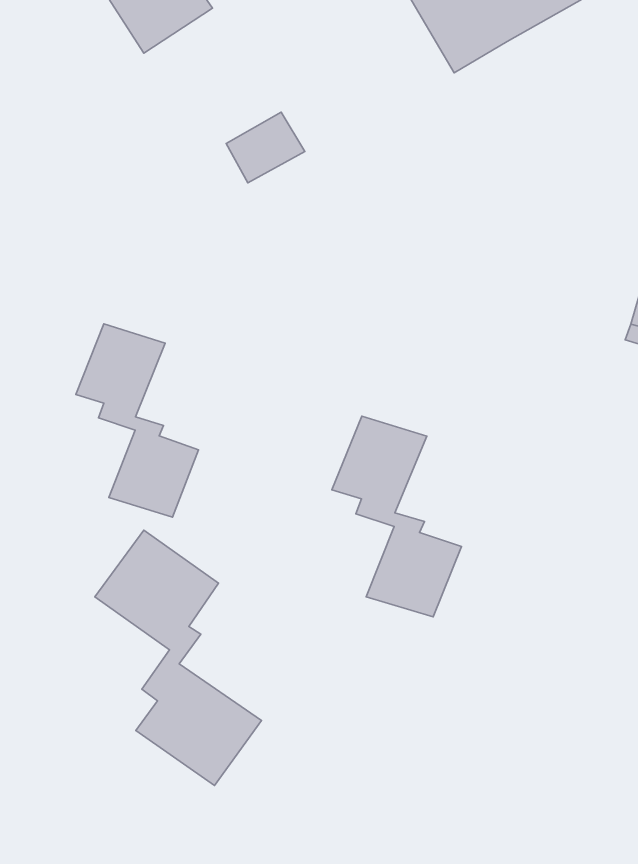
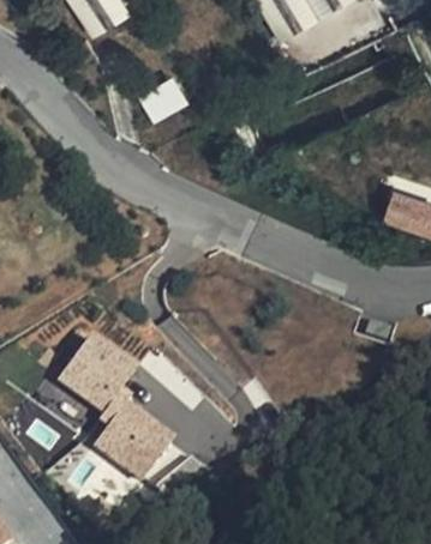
building: [76,324,199,517] -> none
building: [332,416,461,617] -> none

